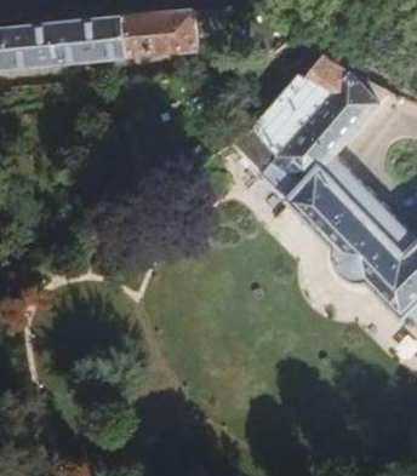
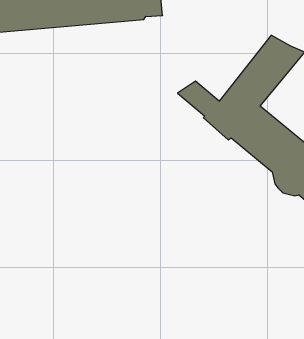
building: [252,56,344,153] -> none

